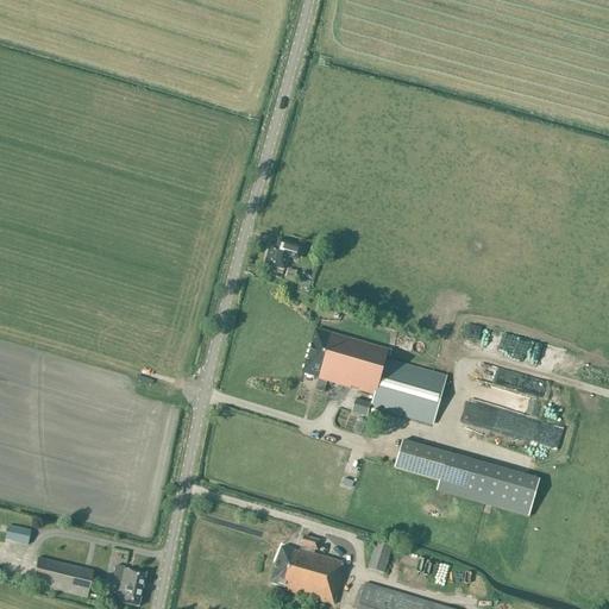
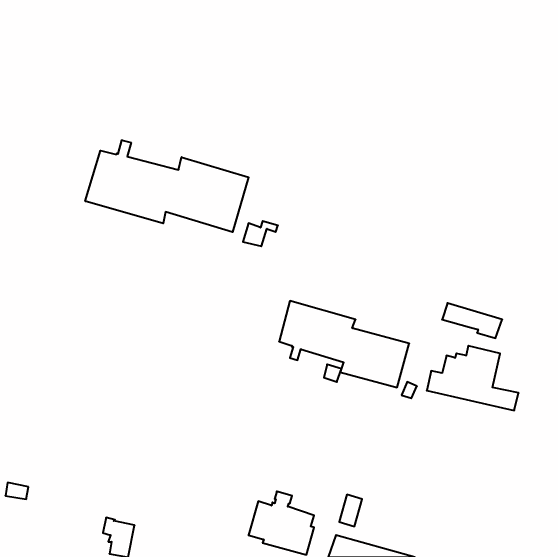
building: none -> [85,140,249,232]
building: [395,438,539,515] -> none
building: [32,557,93,596] -> none

